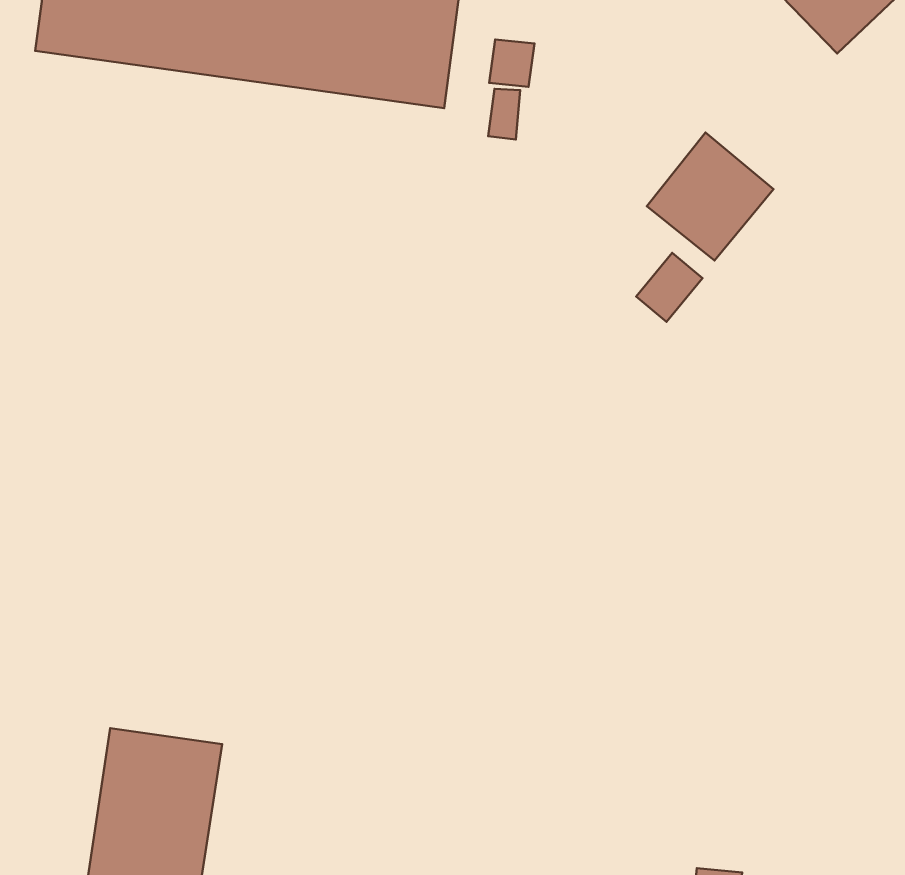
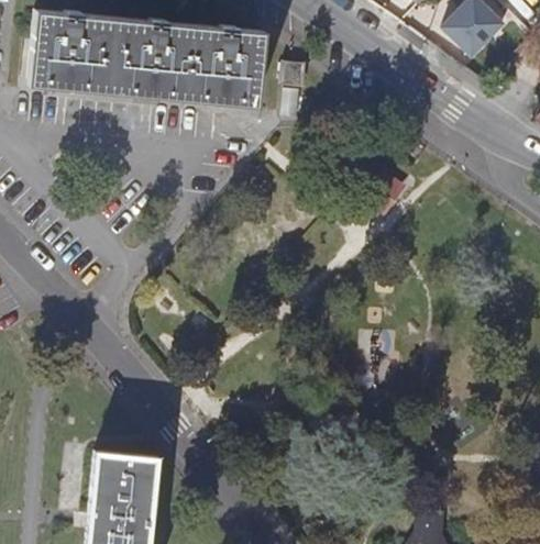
building: [647,133,774,261] -> none

